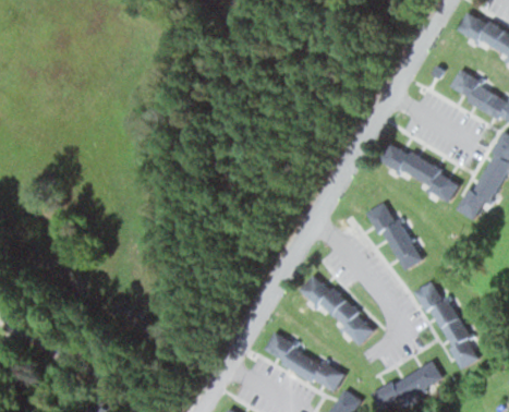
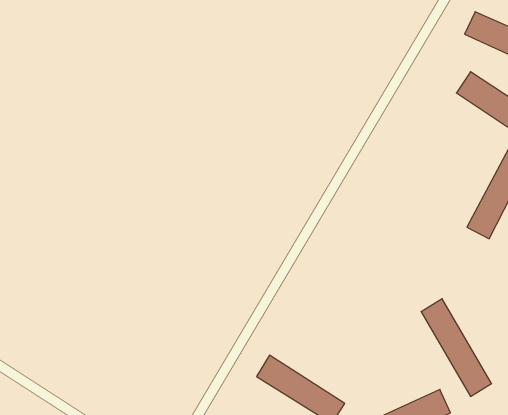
building: [381,145,461,201] -> none
building: [369,199,426,274] -> none
building: [299,277,376,344] -> none

